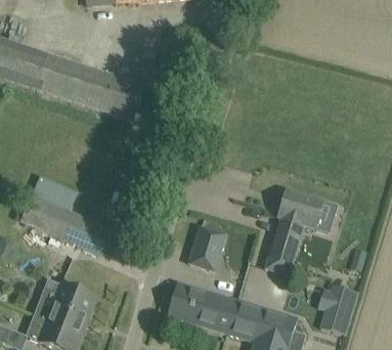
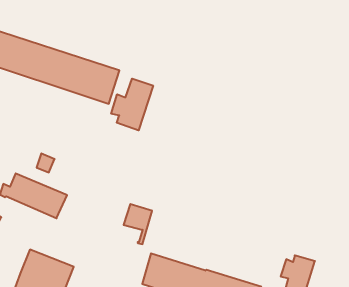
building: none -> [111,79,153,130]
building: [265,188,324,274] -> none
building: [193,226,224,269] -> [124,204,152,244]

